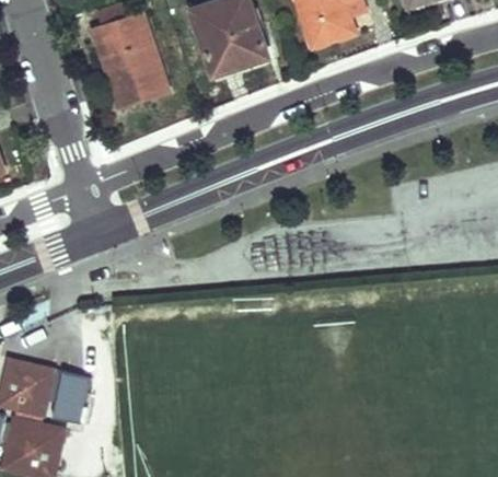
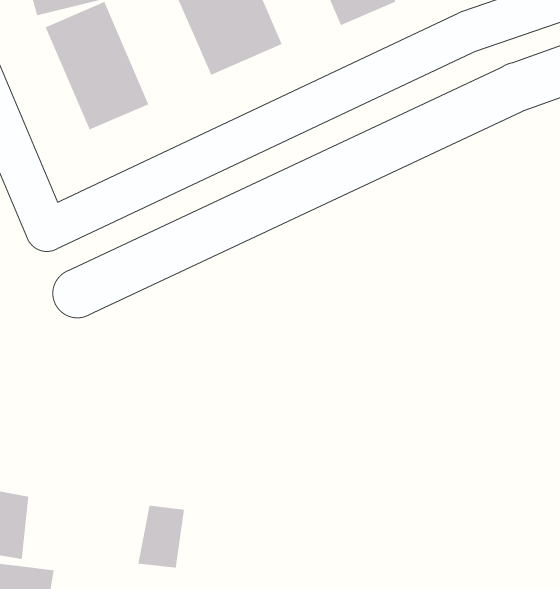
building: [49,377,88,426] -> [138,505,185,568]

